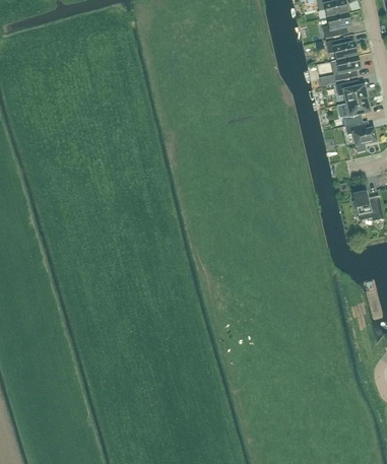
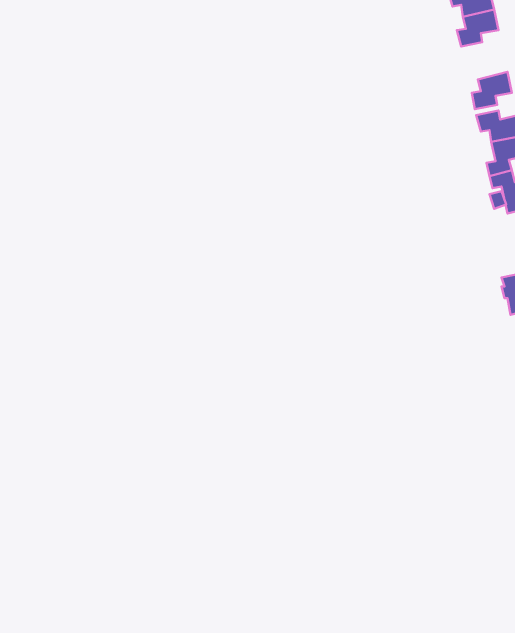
building: [327,38,358,59] -> none

